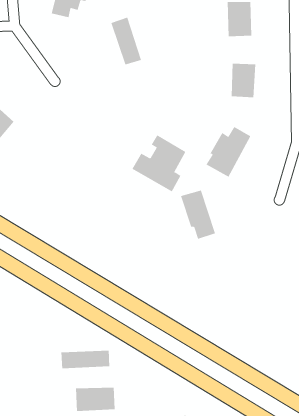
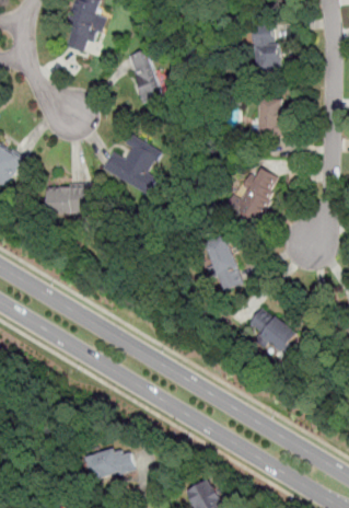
building: [132,134,186,192] -> [103,132,162,195]
building: none -> [46,184,84,212]
building: none -> [246,305,294,353]
building: [61,350,110,369] -> none

